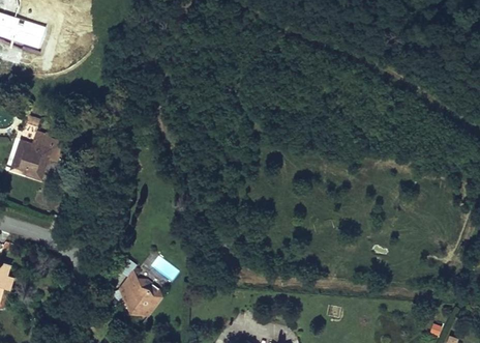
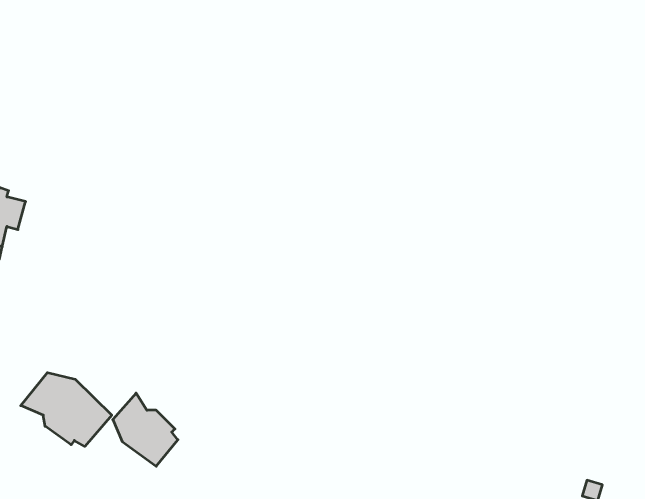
building: none -> [21,373,112,446]

